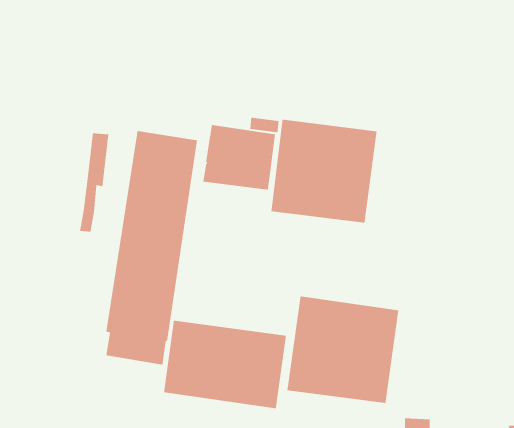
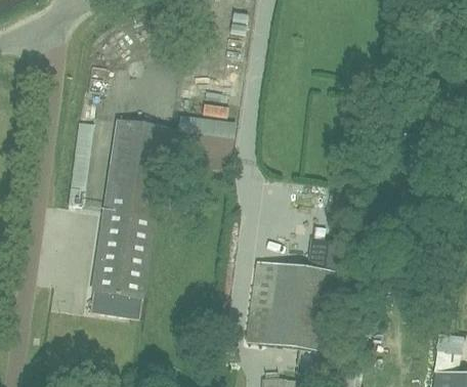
building: [271,119,377,224] -> none
building: [163,320,286,409] -> none

